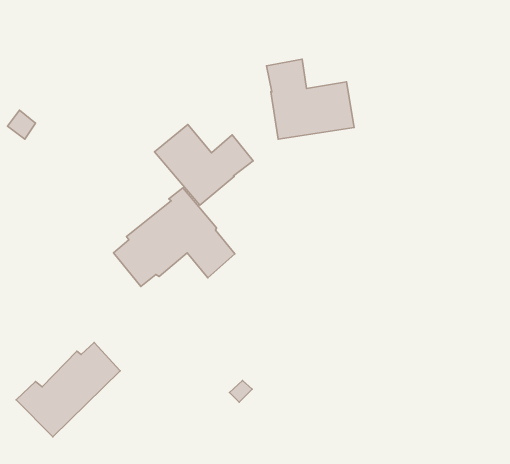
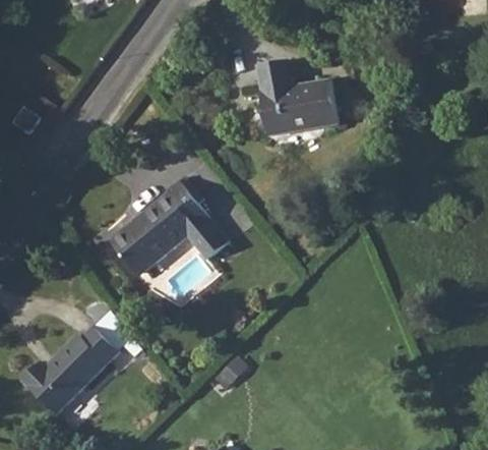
building: [155,125,253,205] -> none

